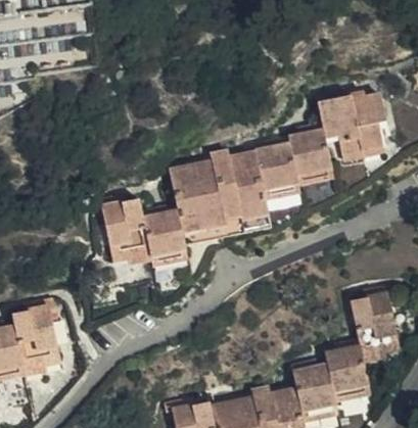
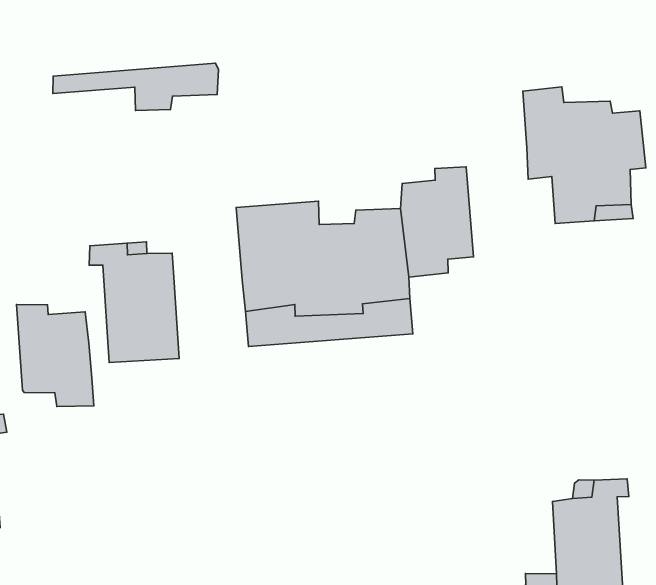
building: [286,122,327,183] -> none
building: [167,146,254,177] -> [53,63,218,111]
building: [139,210,187,264] -> [17,304,94,407]

